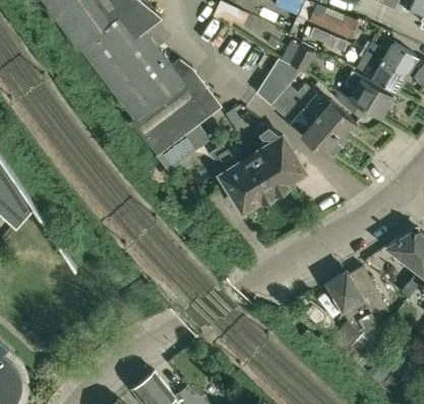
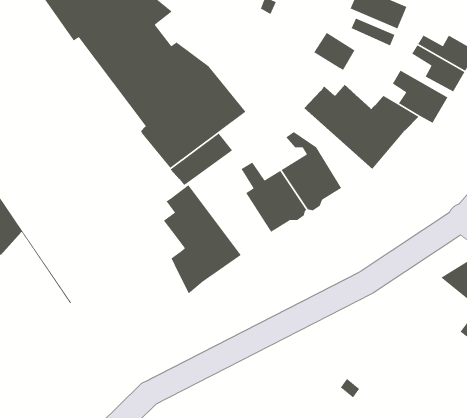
building: [256,58,300,105] -> none
building: none -> [163,184,242,295]
building: [325,267,388,359] -> none

